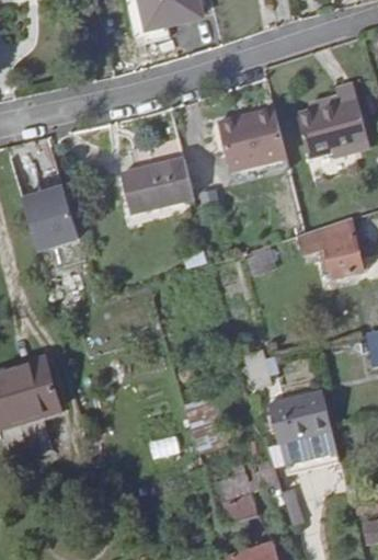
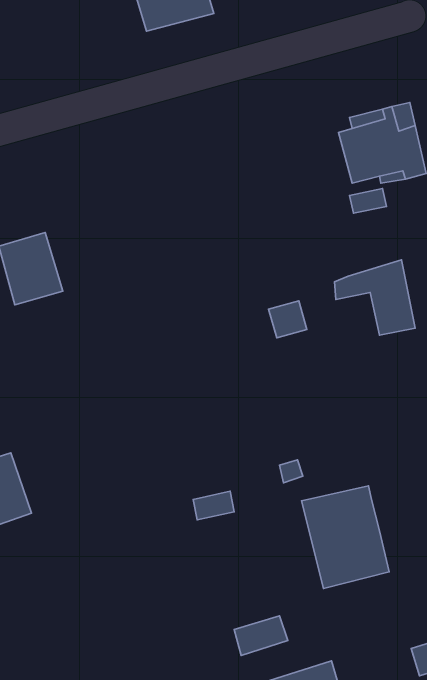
building: [218,105,287,170] -> none
building: [122,160,195,217] -> none

